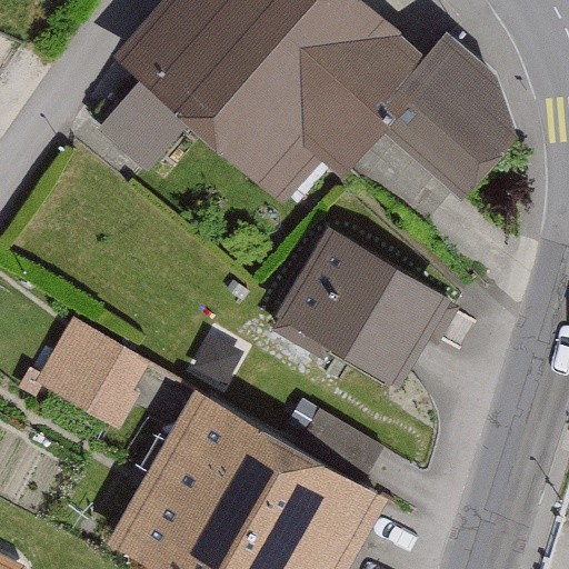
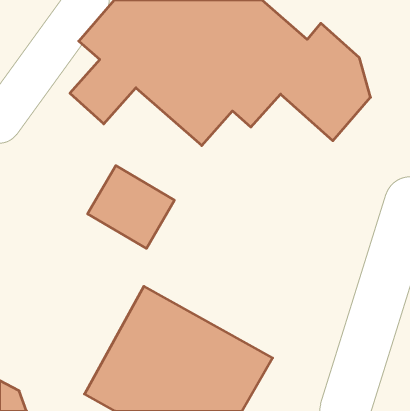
building: [276,232,441,386] -> none
building: [36,310,156,425] -> [88,166,174,248]

